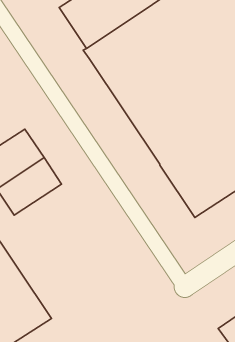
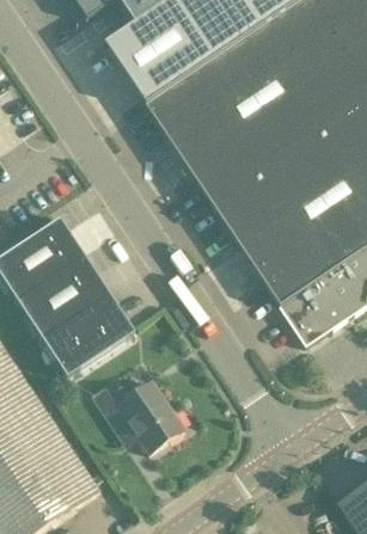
building: none -> [45,297,140,381]
building: none -> [94,381,185,453]

